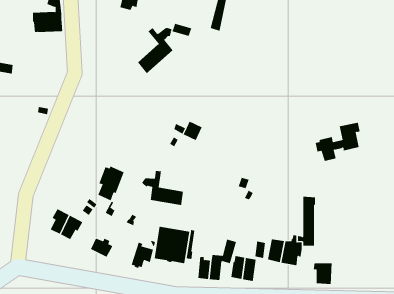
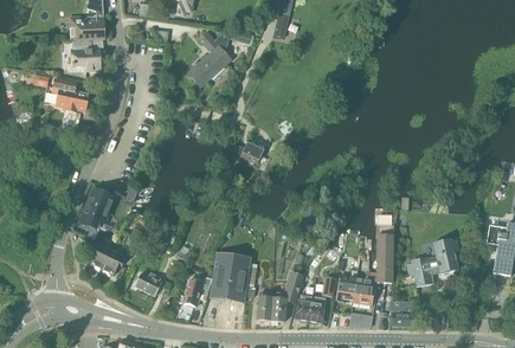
building: none -> [71,38,104,71]
building: none -> [51,79,88,112]
building: [315,122,360,162] -> [406,240,458,285]
building: [98,166,125,201] -> [81,189,111,230]
building: [142,170,183,206] -> none

